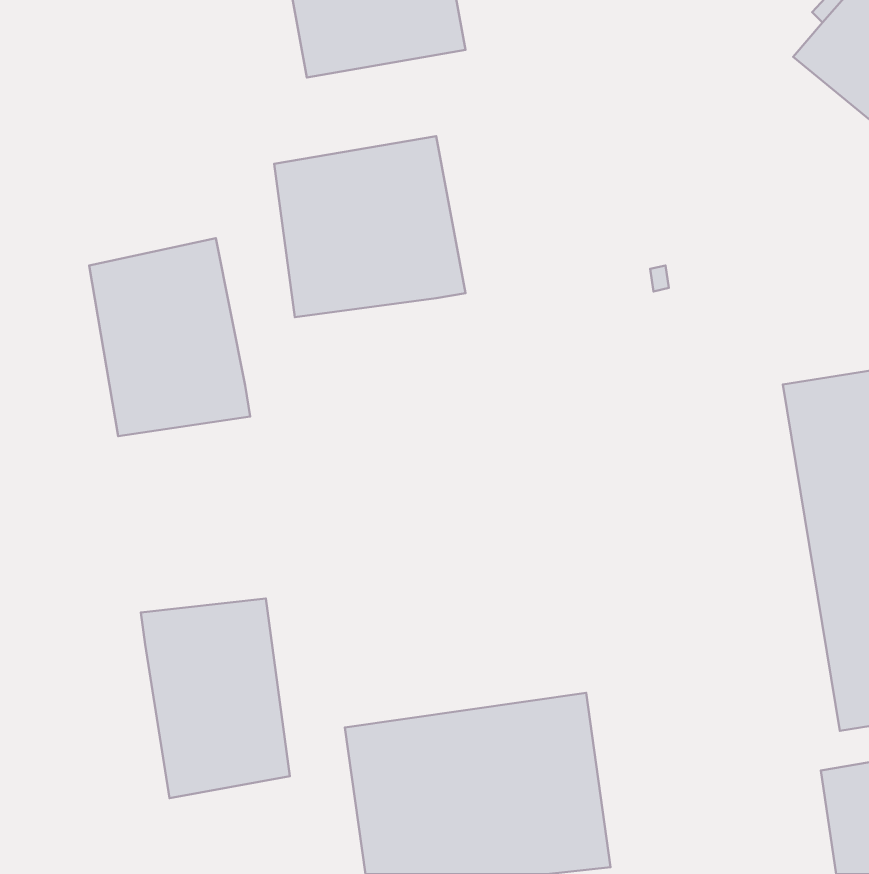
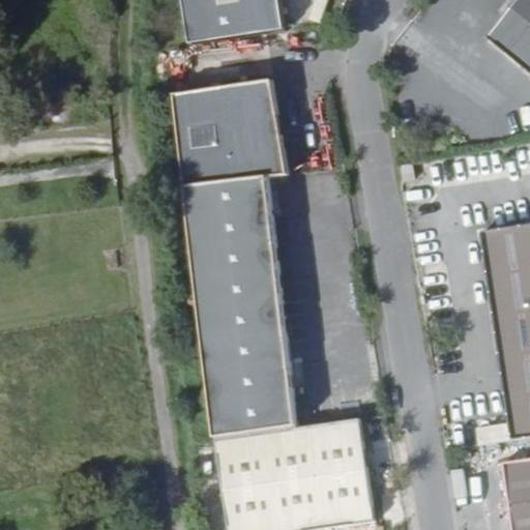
building: [89,238,250,436] -> none
building: none -> [184,179,301,434]
building: [141,598,290,798] -> none

